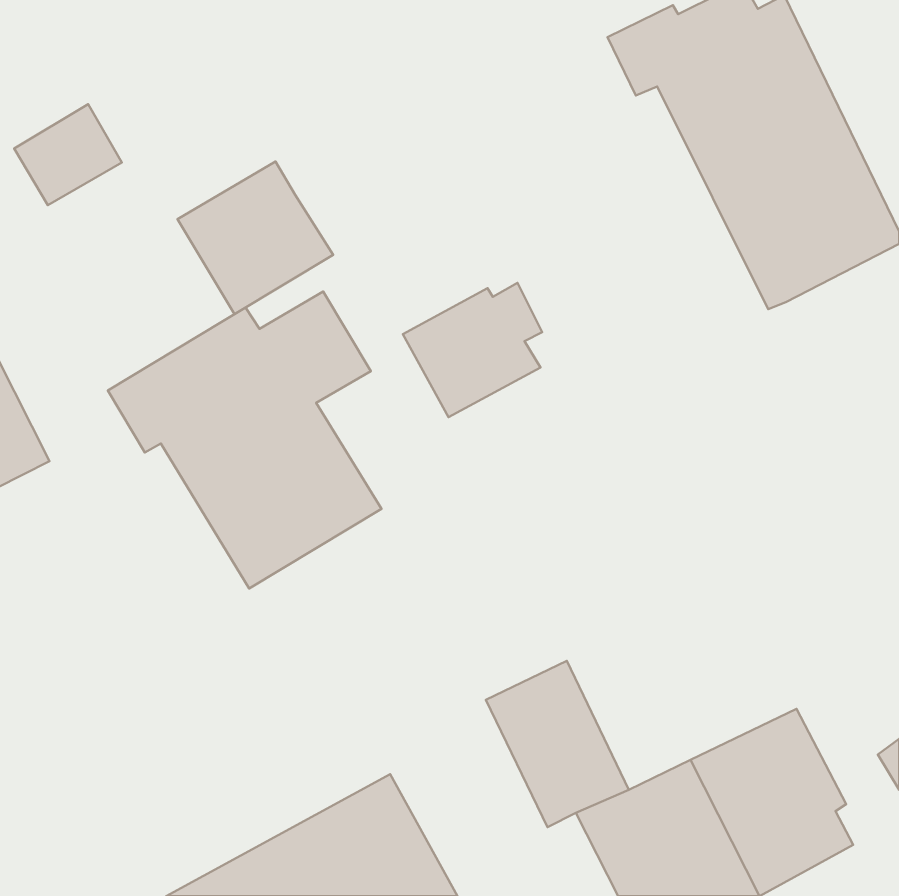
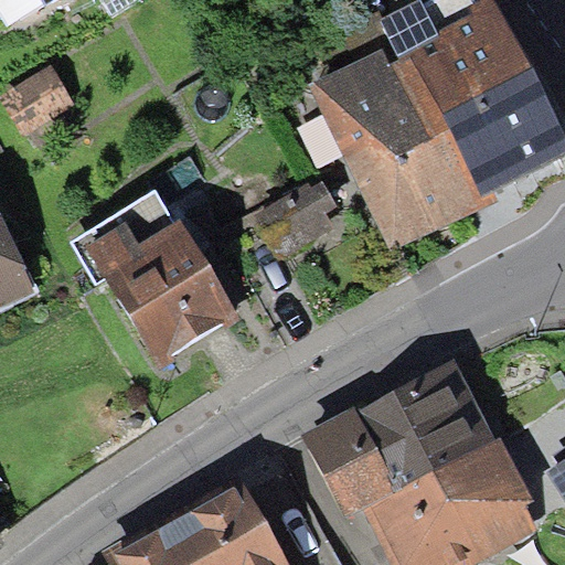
building: none -> [310,46,497,250]
building: [178,161,333,314] -> none
building: none -> [354,362,498,493]

